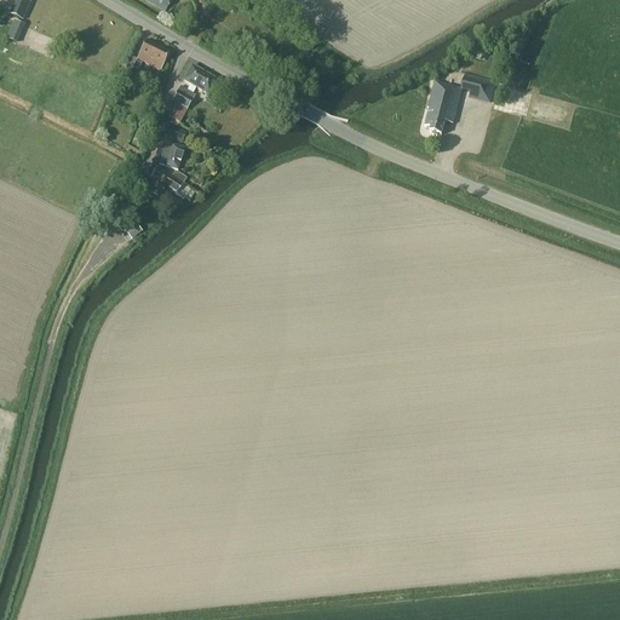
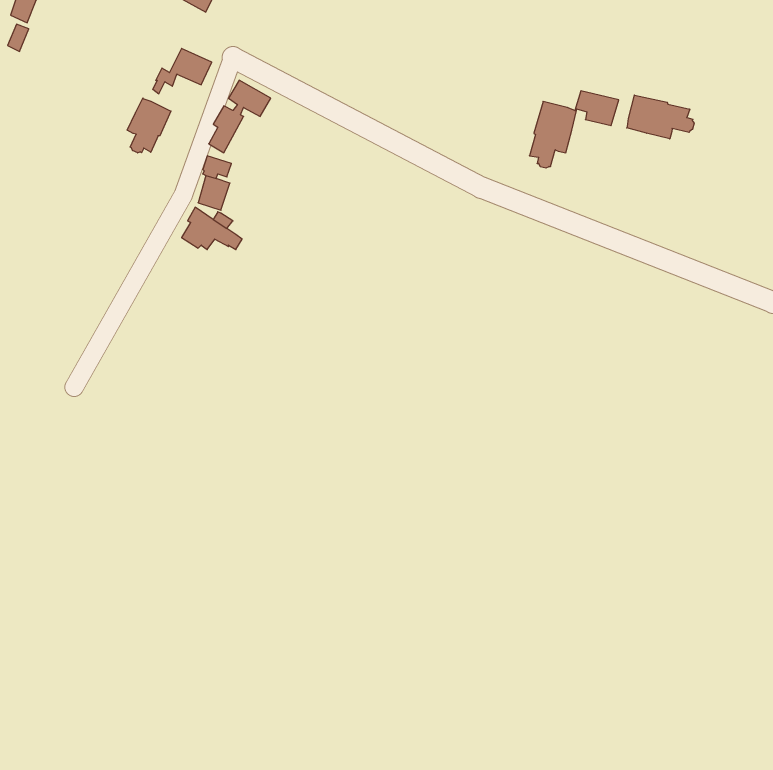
building: none -> [627,95,694,139]
building: none -> [127,98,171,153]

